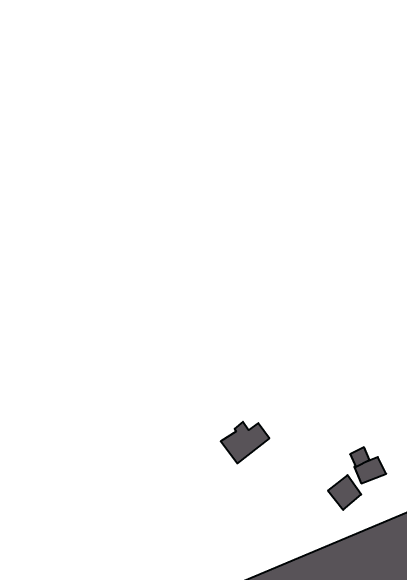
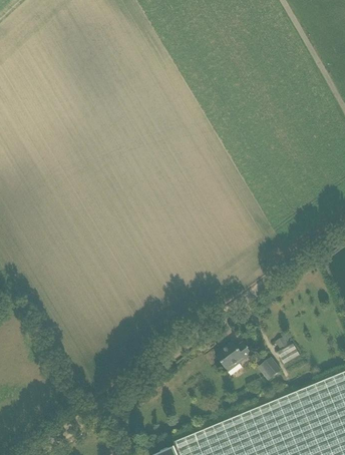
building: [221,422,269,463] -> [216,343,251,373]

